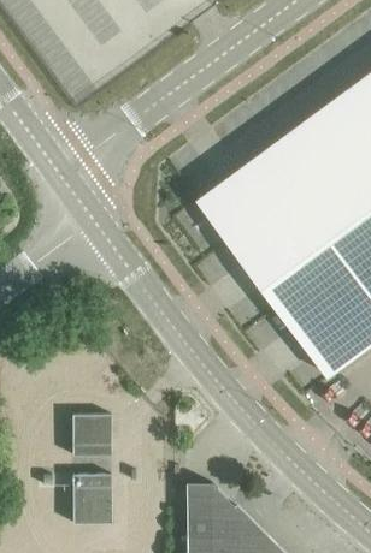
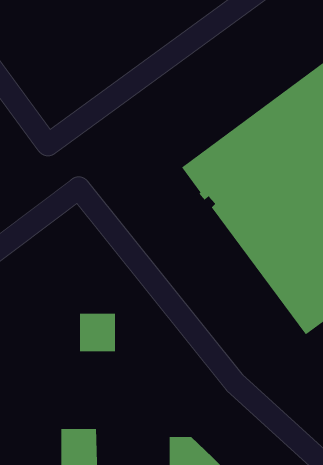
building: [72,414,111,454] -> [79,313,116,352]

